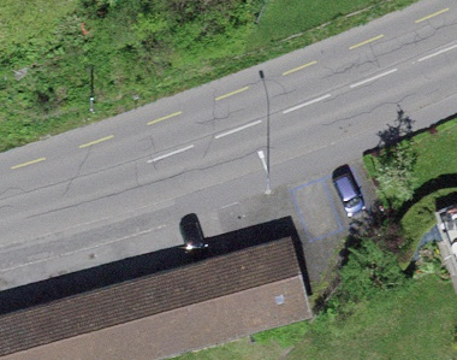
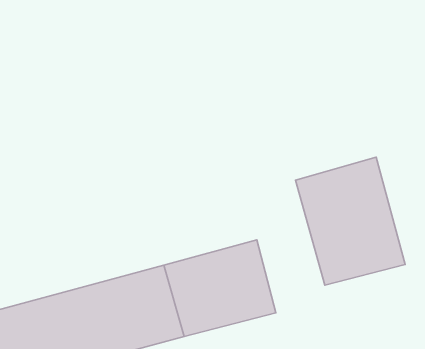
building: none -> [295,157,405,285]

